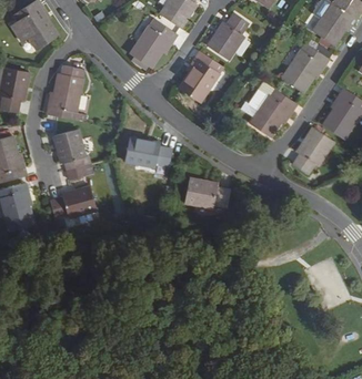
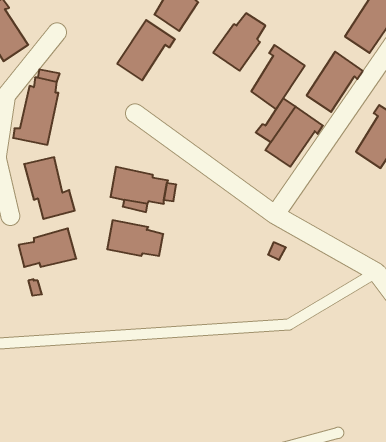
building: [180,50,223,102] -> [251,45,305,109]
building: [292,126,333,173] -> none
building: [183,177,229,206] -> [107,220,163,256]

